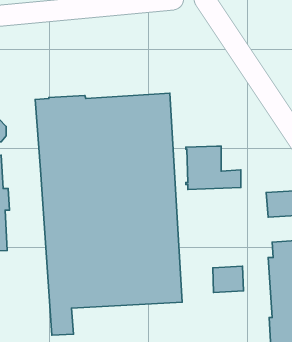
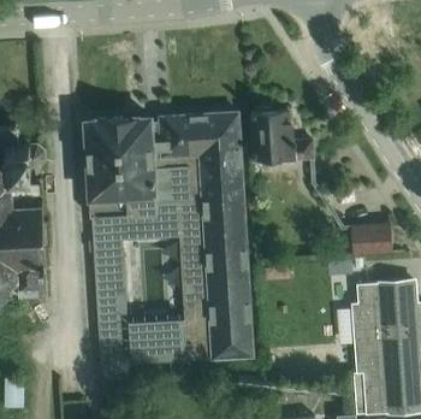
building: [186,146,241,190] -> [251,111,315,161]
building: [213,266,243,293] -> none

